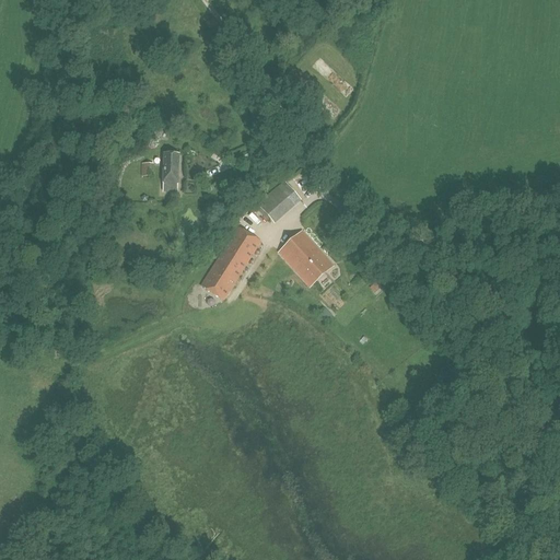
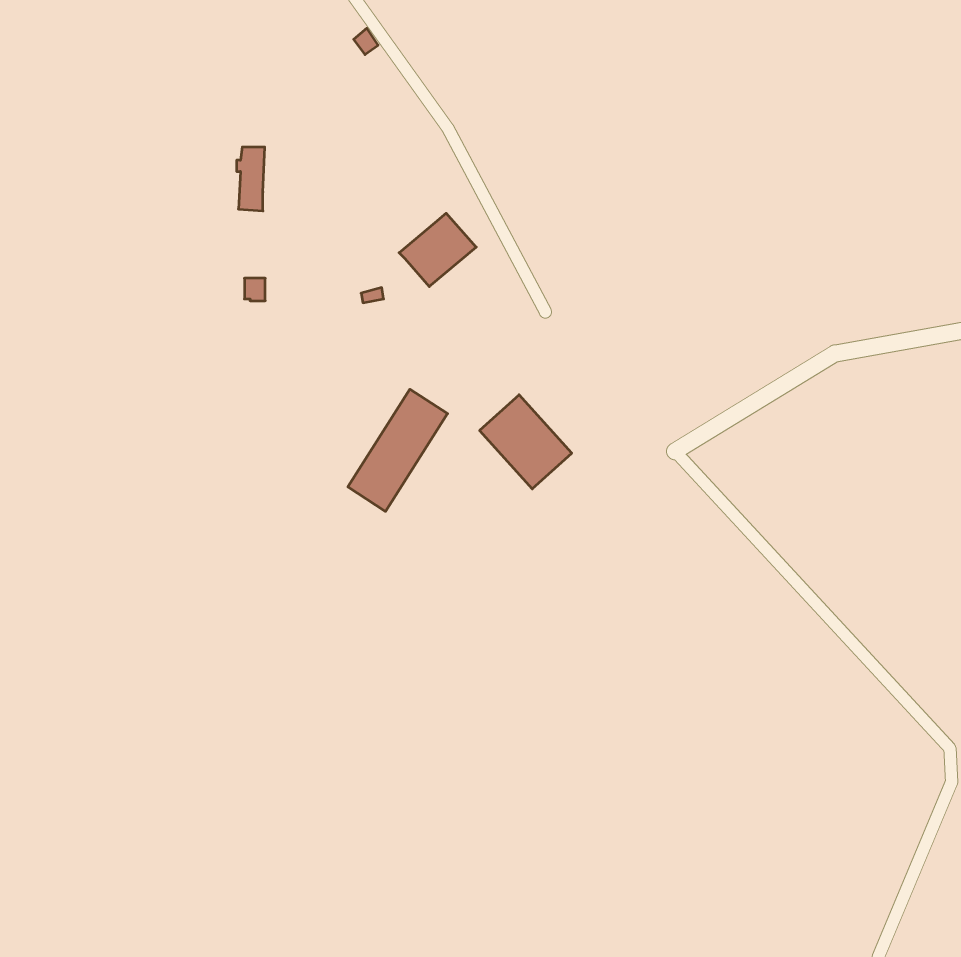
building: [162,153,178,190] -> [237,147,265,211]
building: [257,179,302,222] -> [399,213,476,287]

